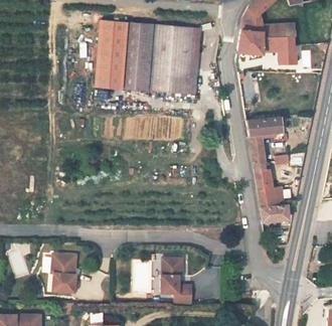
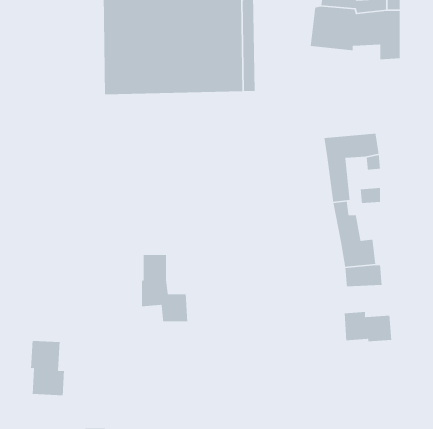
building: none -> [344,311,392,342]
building: [160,254,191,299] -> [141,254,188,322]

